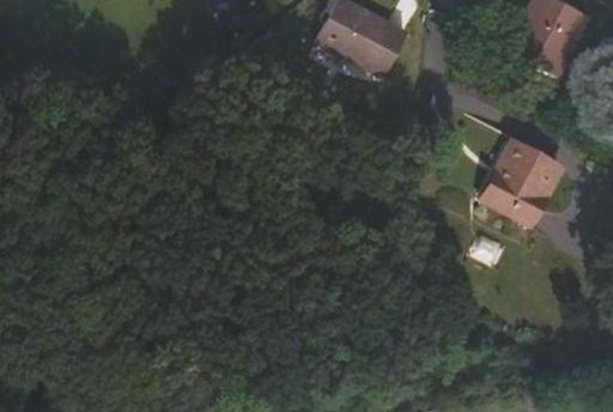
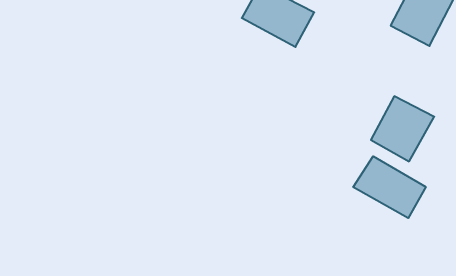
building: none -> [353,156,426,218]

